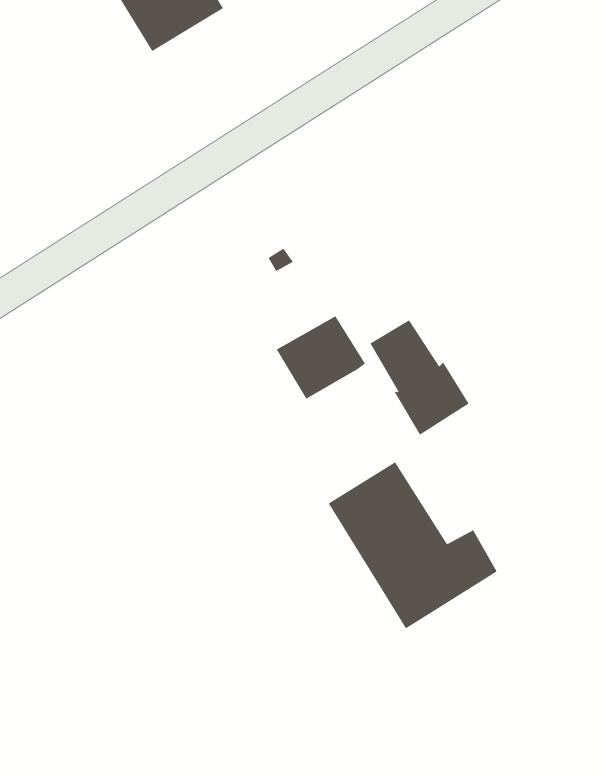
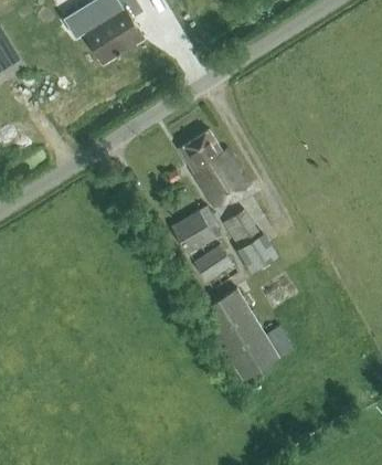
building: none -> [179,133,250,209]
building: none -> [191,245,232,283]

